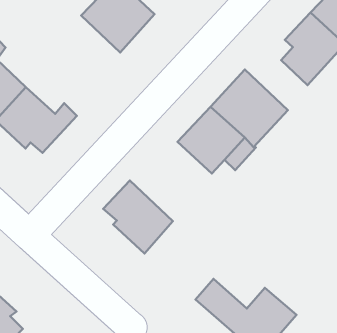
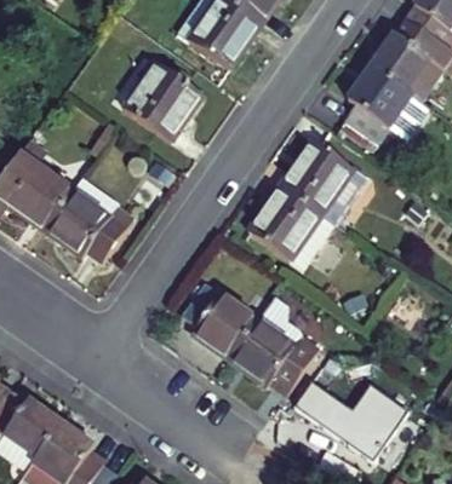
building: none -> [225,318,309,390]

